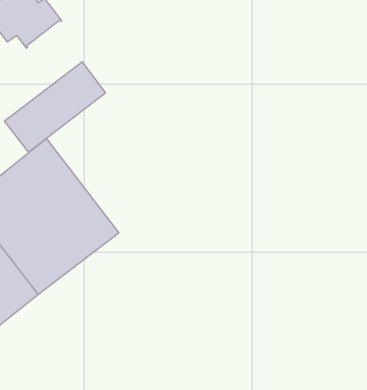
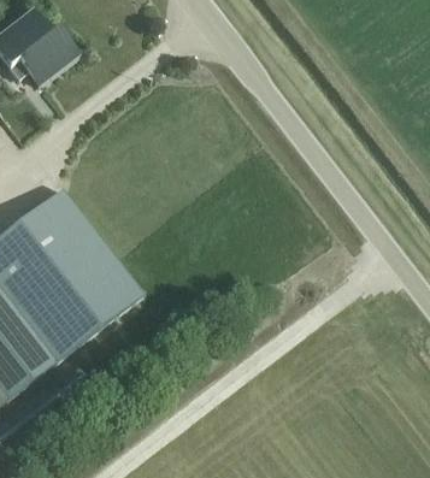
building: [4,62,106,152] -> none

